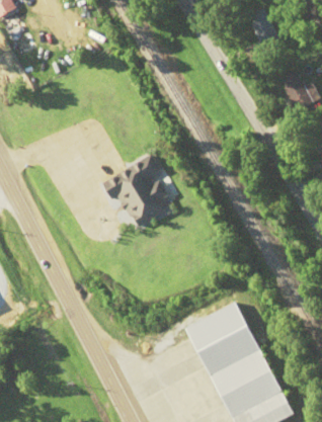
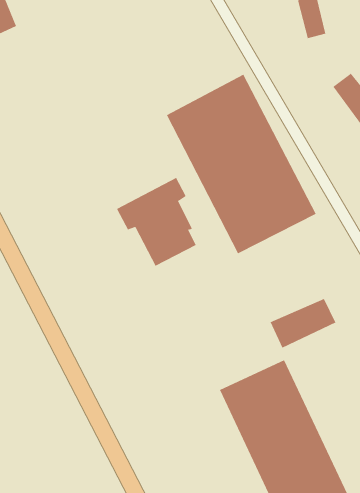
building: none -> [166,74,316,254]
building: none -> [270,298,336,348]

